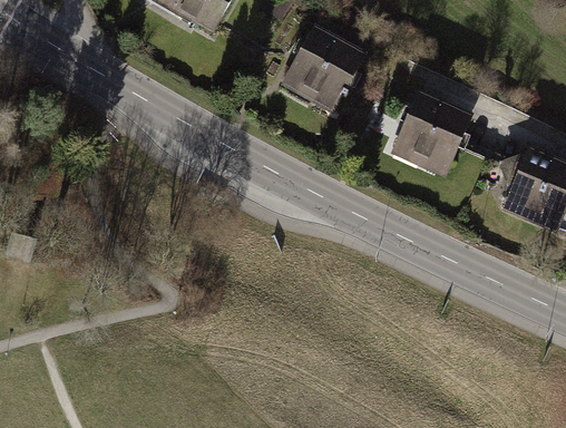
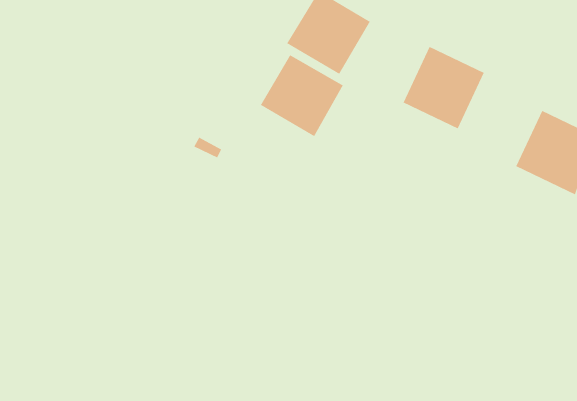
building: none -> [260,54,344,137]

